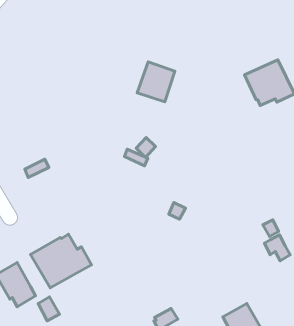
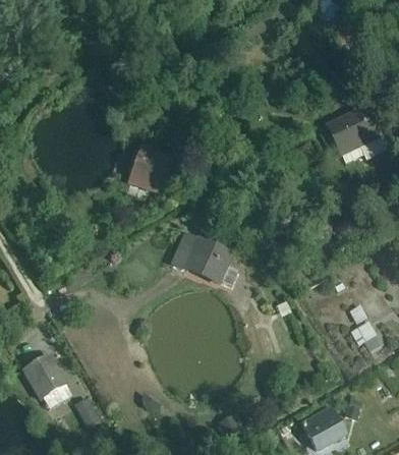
building: [137,62,175,102] -> [127,144,173,192]
building: none -> [169,229,238,285]
building: [30,234,91,288] -> none

